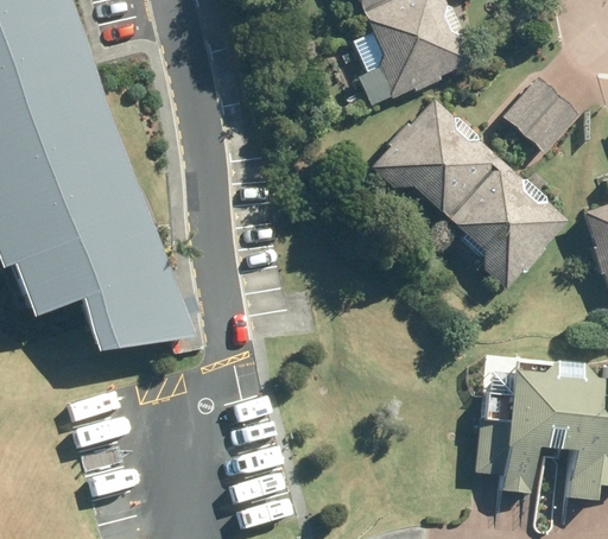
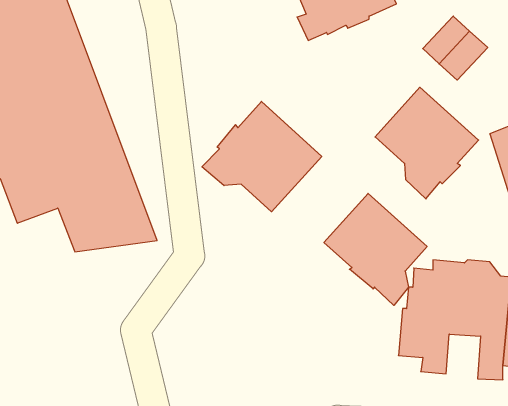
building: [370,99,500,217] -> none
building: none -> [202,101,322,212]
building: none -> [324,193,427,305]

